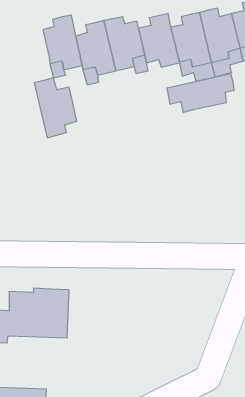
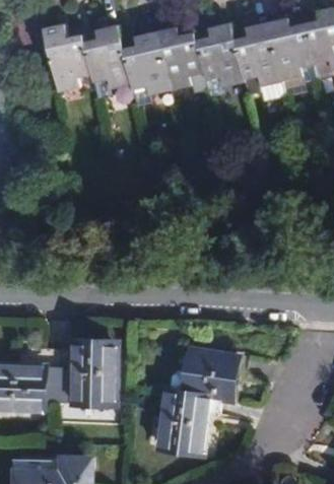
building: [167,73,234,113] -> none
building: [34,78,77,138] -> [41,22,90,92]
building: none -> [158,348,233,455]

